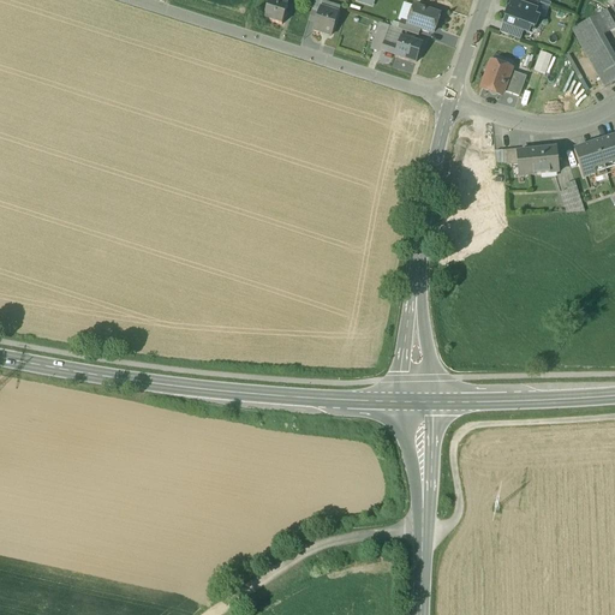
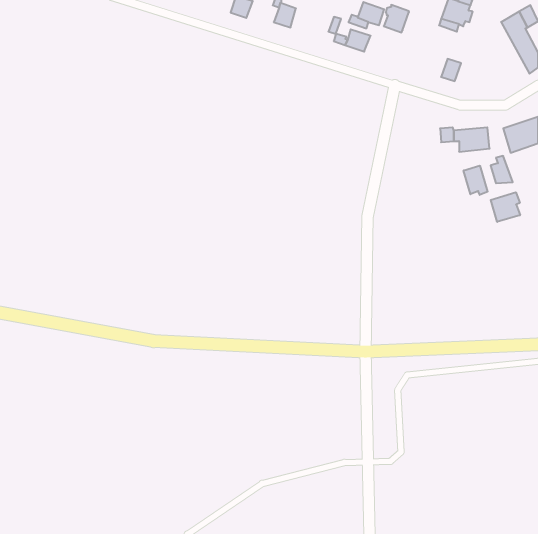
building: [482,59,510,90] -> [384,5,409,32]
building: none -> [464,166,488,195]
building: none -> [491,192,520,222]

